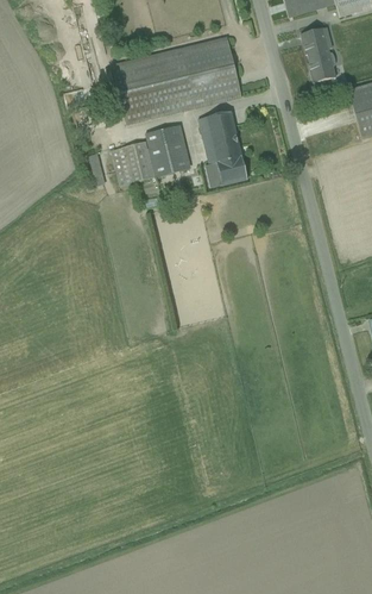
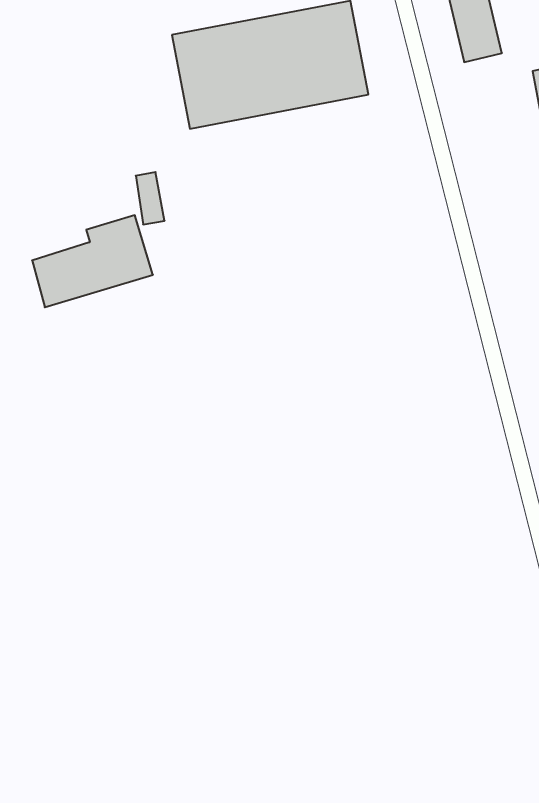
building: [196,107,245,185] -> none
building: [111,120,190,181] -> [32,215,153,307]

